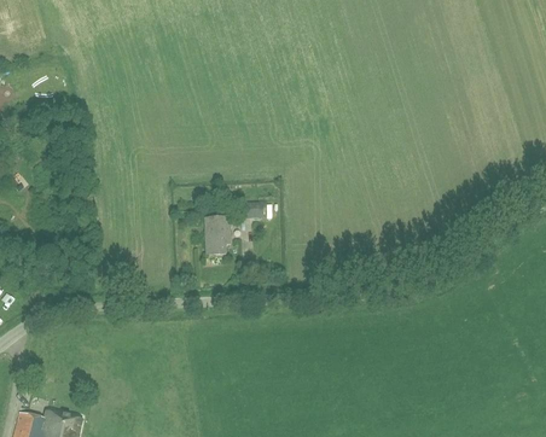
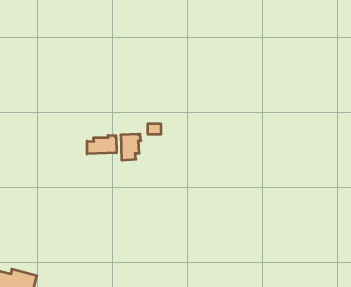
building: none -> [87,135,116,154]

